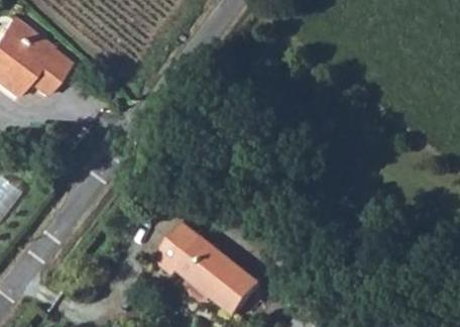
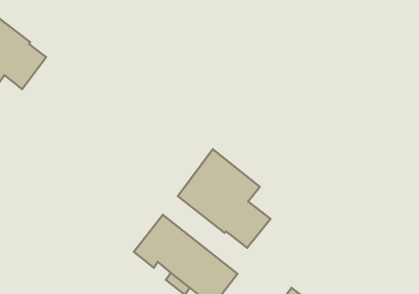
building: none -> [178,149,270,248]

